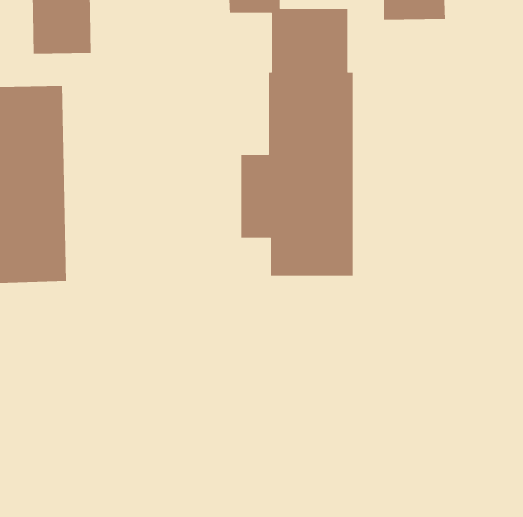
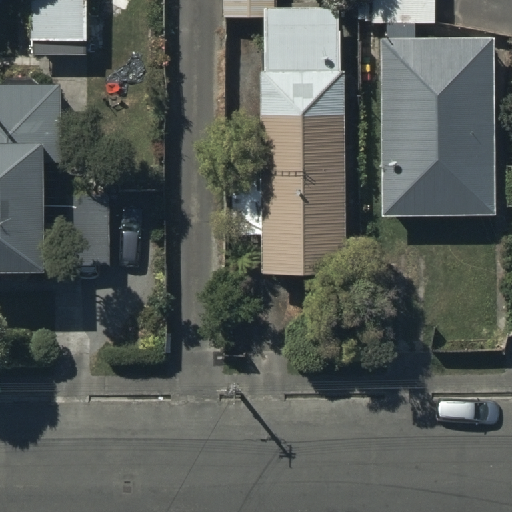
building: none -> [380,36,494,214]

